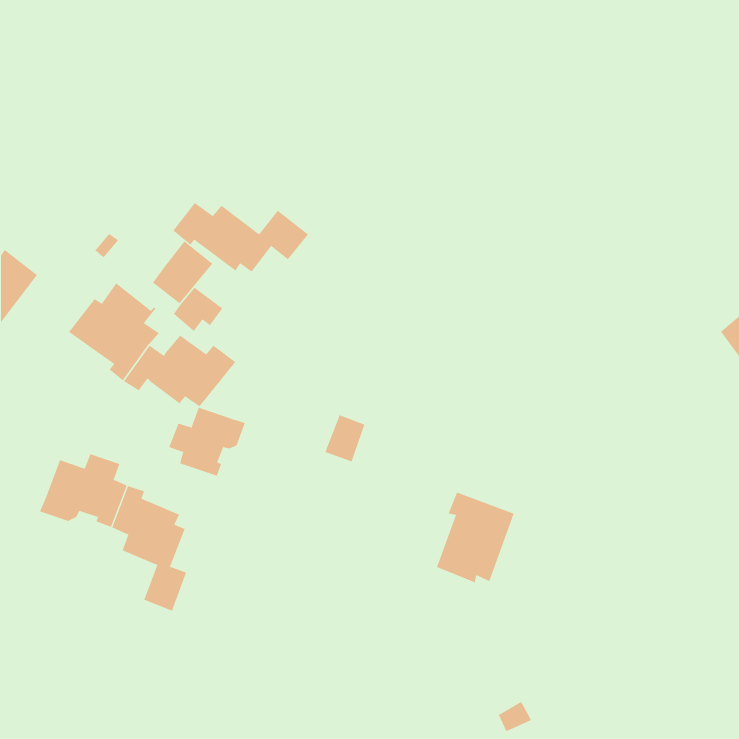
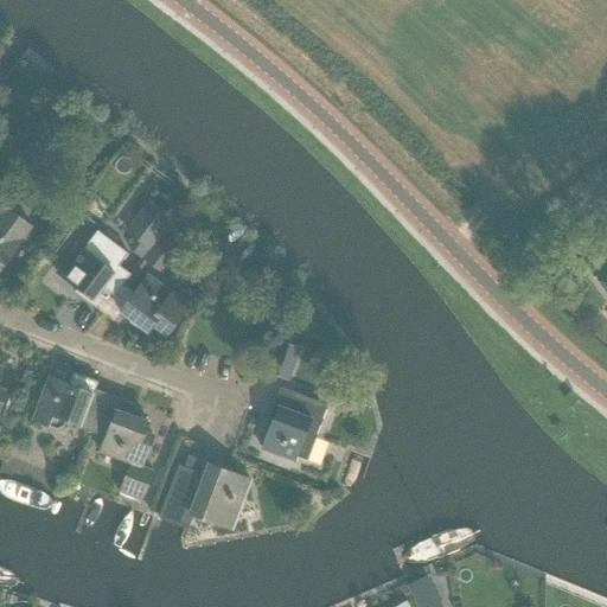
building: [173,202,309,273] -> none
building: [169,407,246,477] -> none
building: [436,492,514,583] -> [263,385,327,460]
building: none -> [160,459,250,543]

